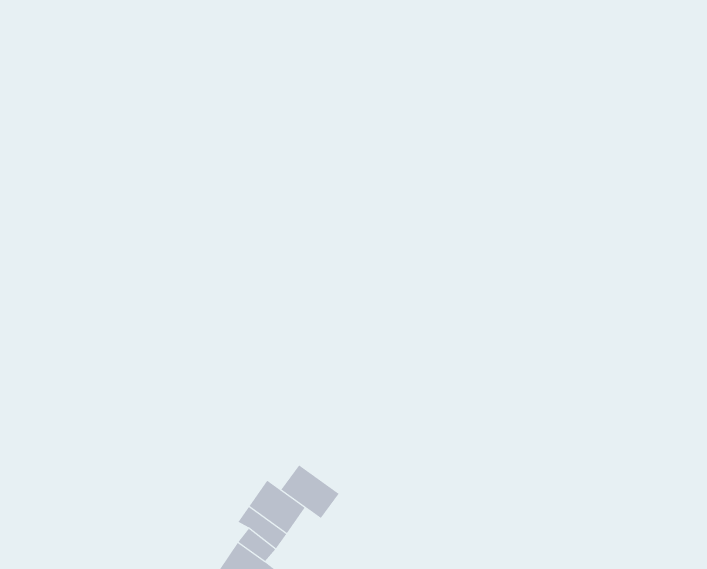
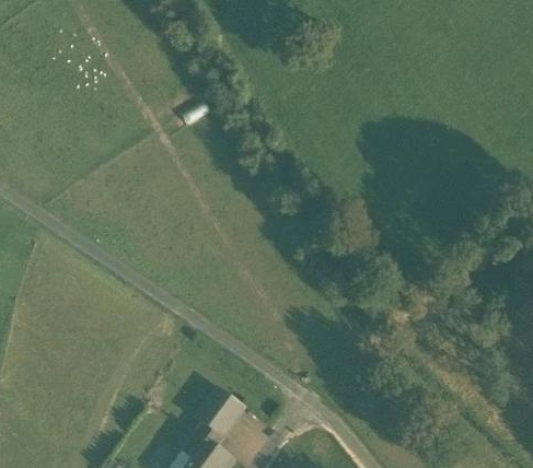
building: [280,464,339,519] -> none

